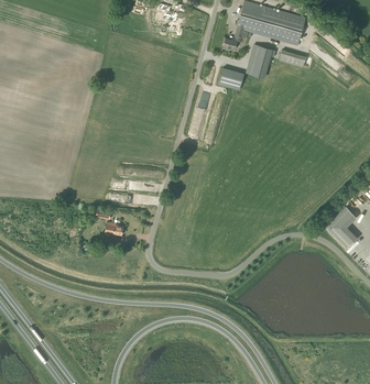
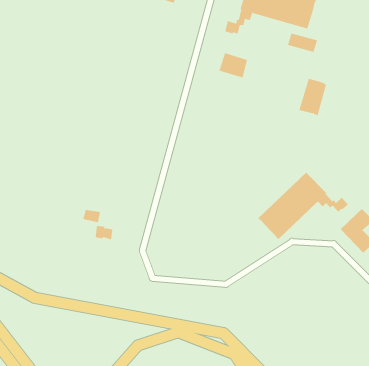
building: [246,44,271,78] -> [299,78,327,116]
building: none -> [257,172,349,240]

